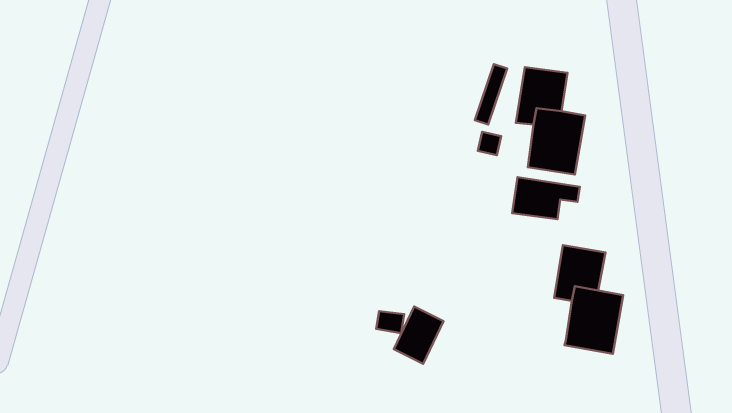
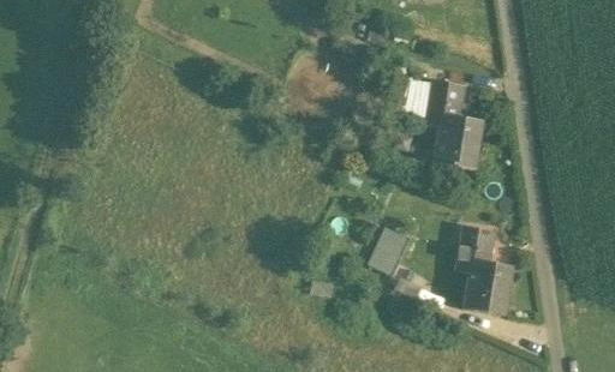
building: [512,177,580,219] -> none
building: [394,306,444,364] -> [370,227,411,274]

